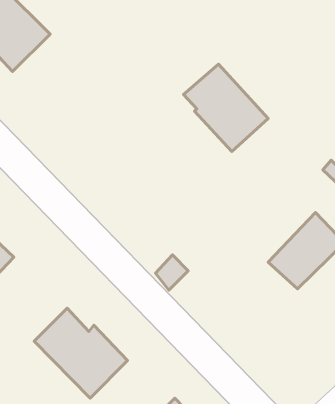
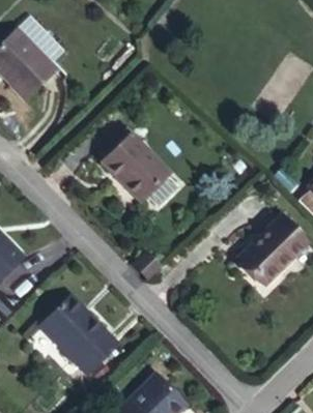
building: [183,64,268,151] -> [110,134,182,208]

